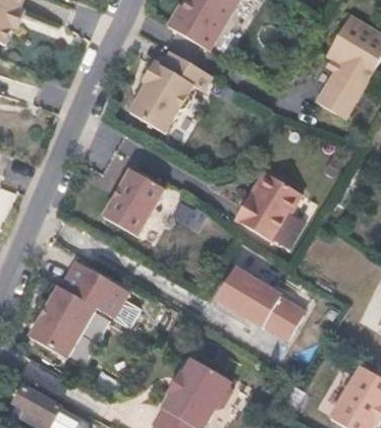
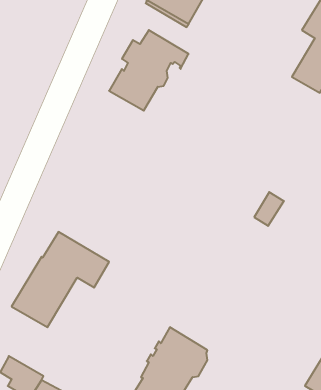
building: [102,167,165,235] -> none
building: [234,172,302,241] -> none
building: [215,268,319,334] -> none

